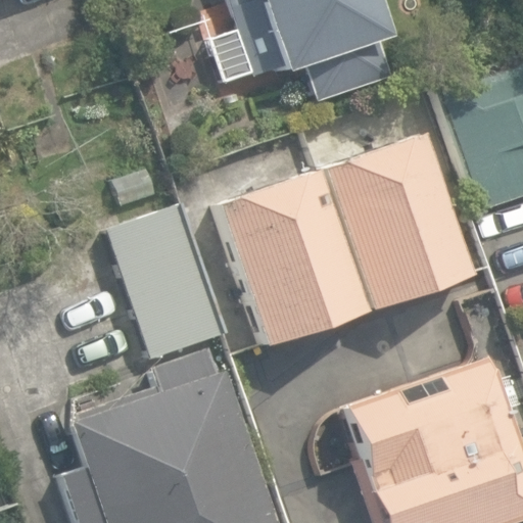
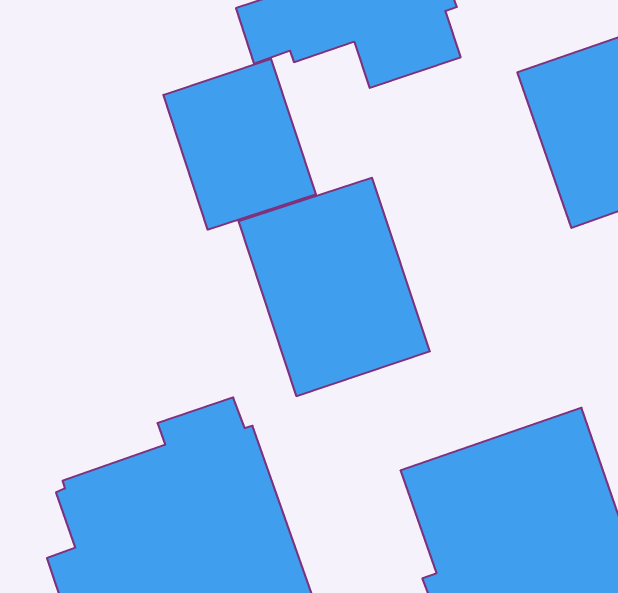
building: none -> [163,59,316,230]
building: [323,133,472,311] -> none
building: [108,204,227,360] -> none

